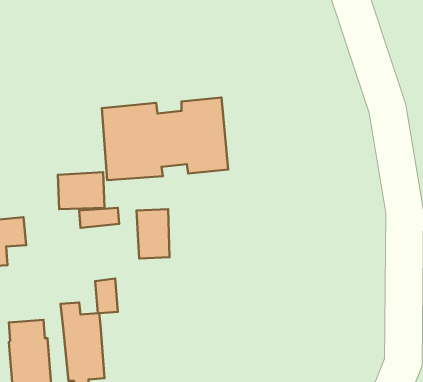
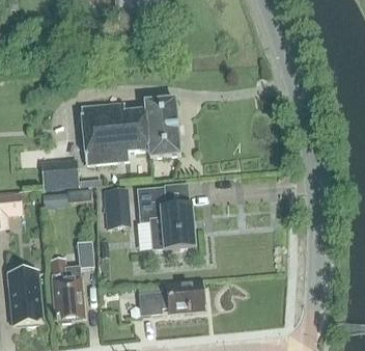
building: none -> [136,185,194,248]
building: none -> [138,280,203,314]

